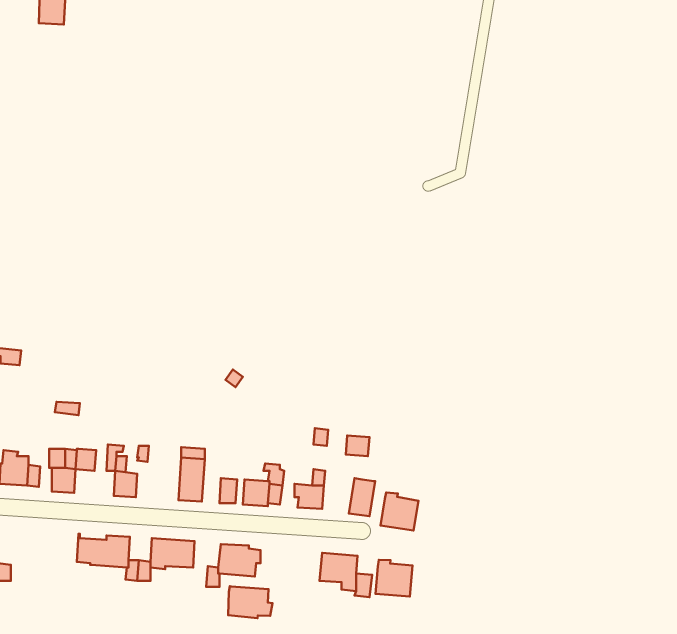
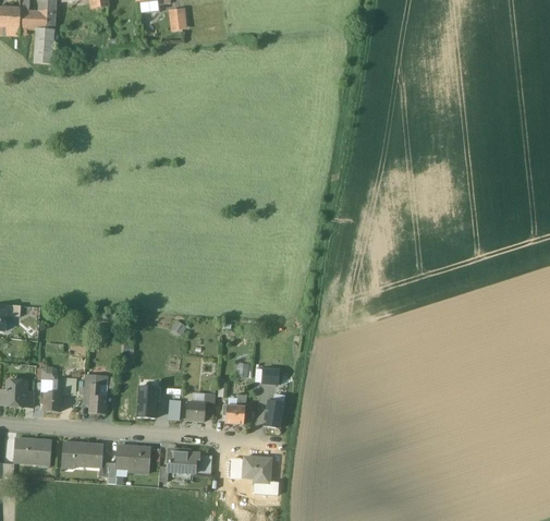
building: [380,492,419,531] -> none
building: none -> [14,438,50,464]
building: [376,560,412,596] -> none
building: [228,586,272,618] -> none

